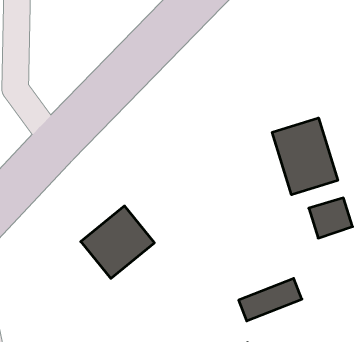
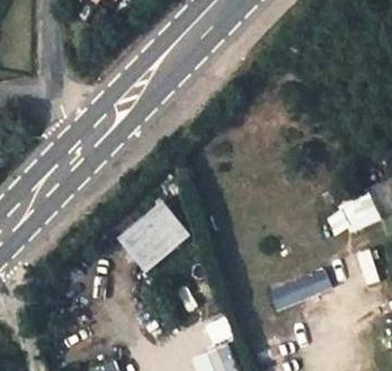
building: [272,118,338,195] -> none

